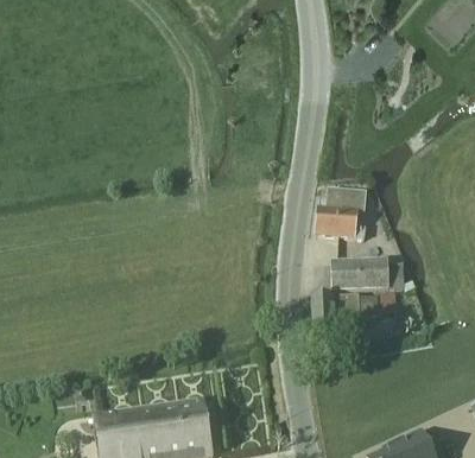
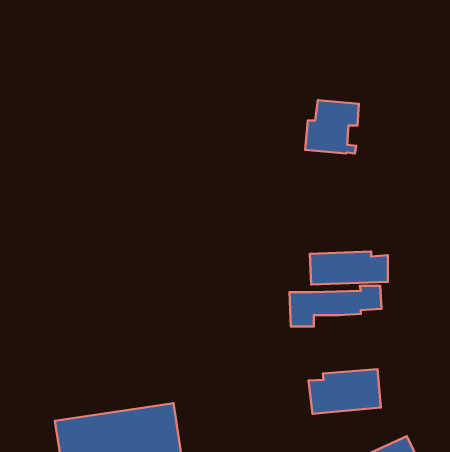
building: [317,190,367,240] -> [305,100,359,154]
building: none -> [309,369,381,414]

